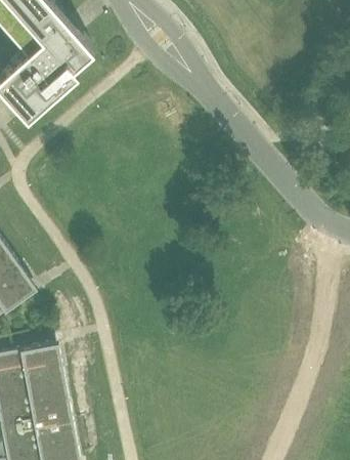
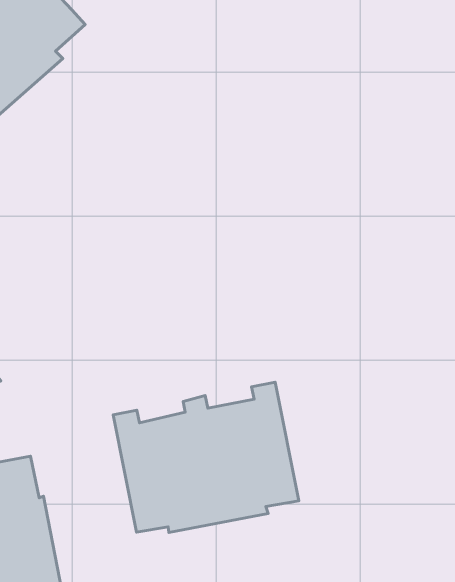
building: none -> [113,382,299,533]

